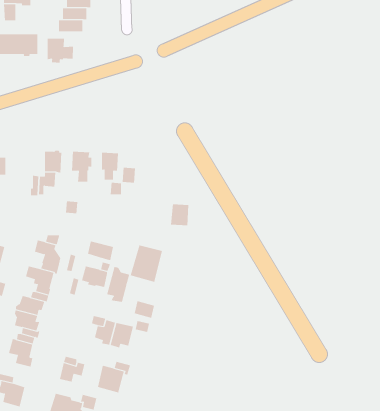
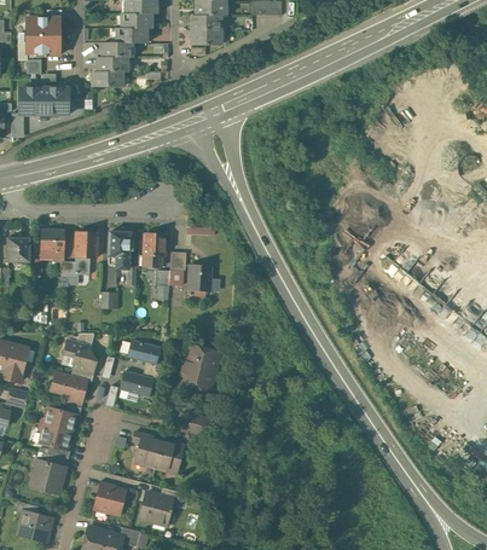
building: [47,38,74,64] -> none
building: none -> [40,230,64,260]
building: [170,204,189,226] -> [187,265,210,291]
building: [106,266,130,303] -> none

